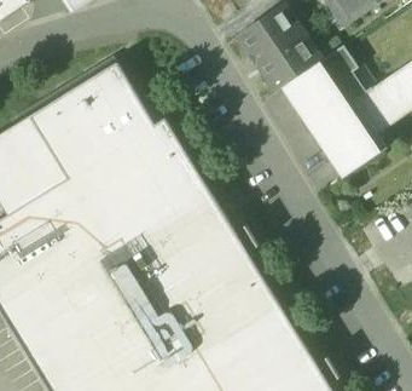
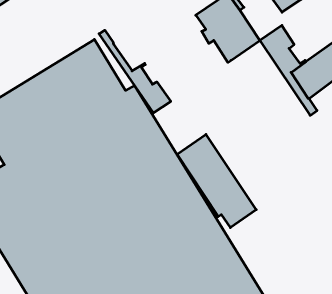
building: none -> [99,30,171,113]
building: [280,62,376,174] -> [177,134,256,228]

